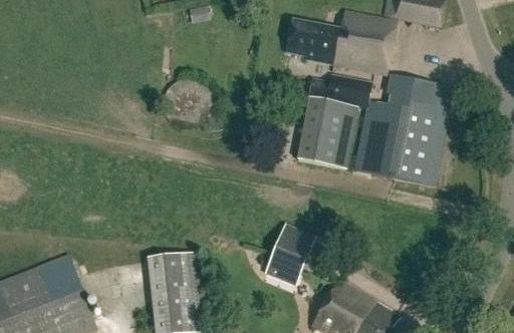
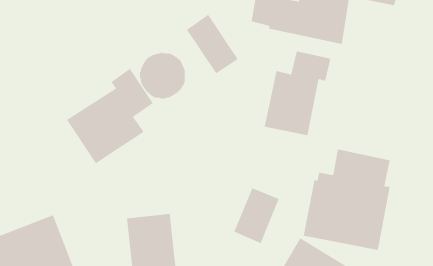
building: none -> [186,14,239,74]
building: [352,76,448,187] -> [303,149,391,250]
building: none -> [66,68,153,164]

